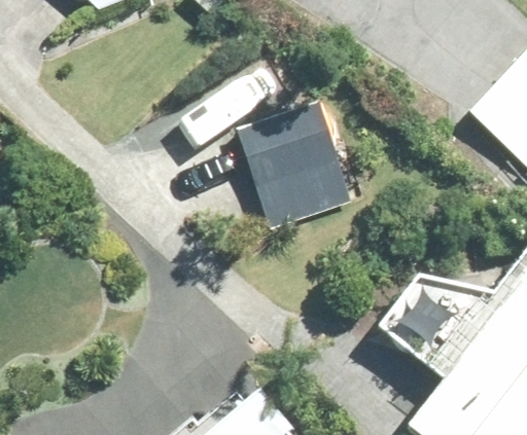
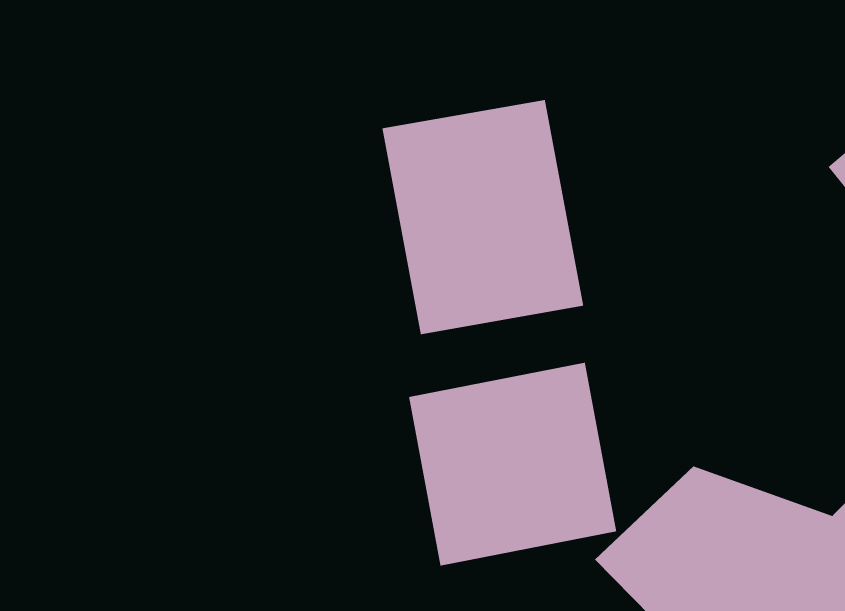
building: none -> [408,362,617,567]

